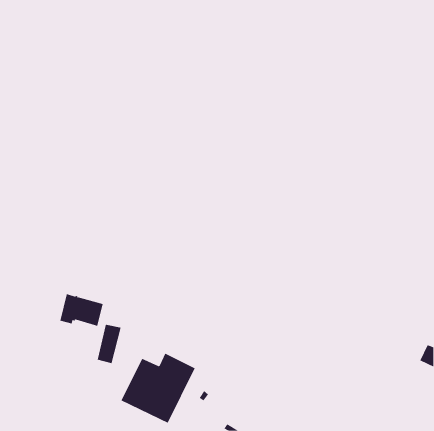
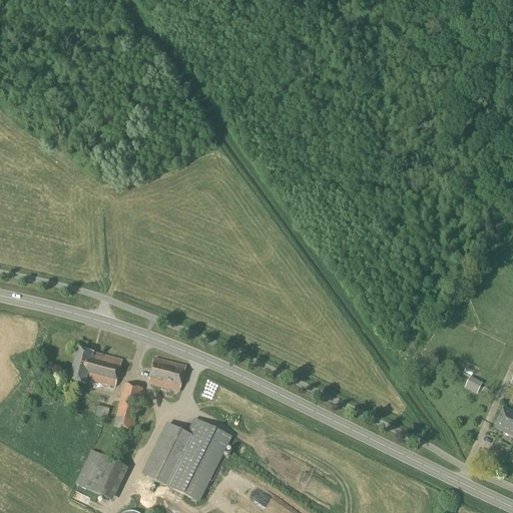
building: none -> [148,357,186,390]
building: none -> [75,448,129,501]

